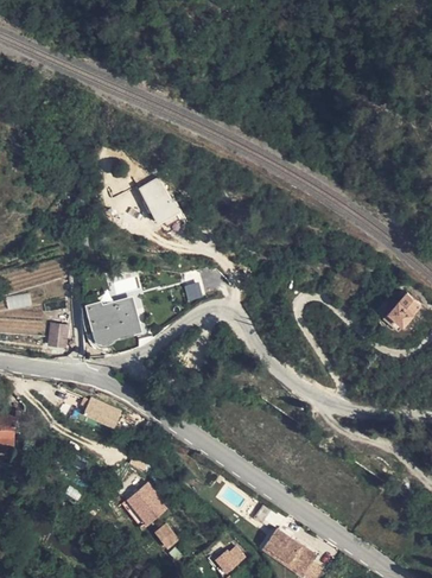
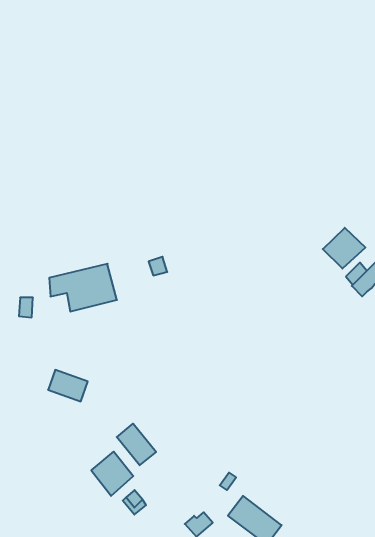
building: [136,180,177,229] -> none
building: none -> [323,228,365,269]
building: none -> [117,424,156,465]

